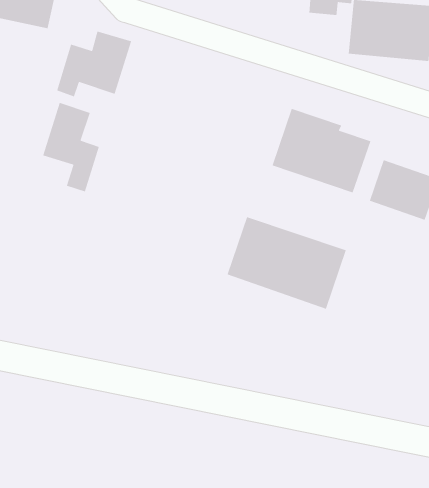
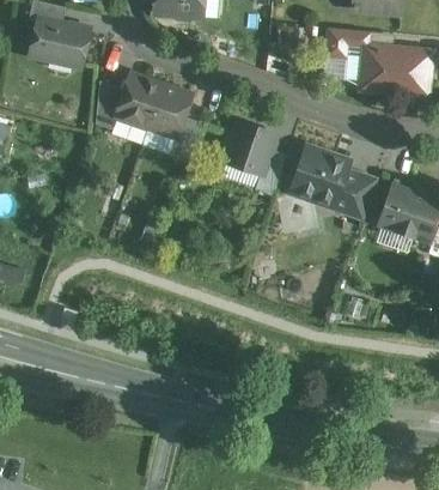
building: none -> [222,116,283,192]
building: [42,102,100,193] -> [146,80,199,163]
building: [227,216,347,310] -> none

